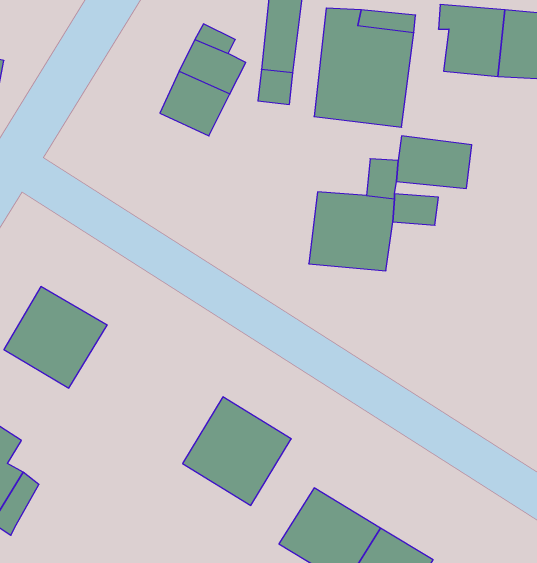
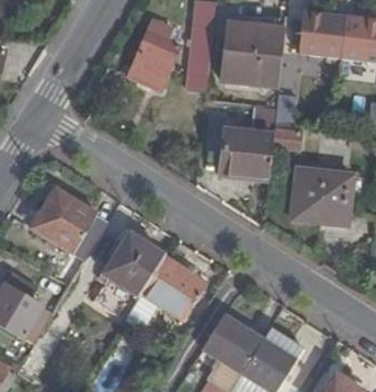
building: none -> [292,169,352,225]
building: none -> [103,233,167,299]

